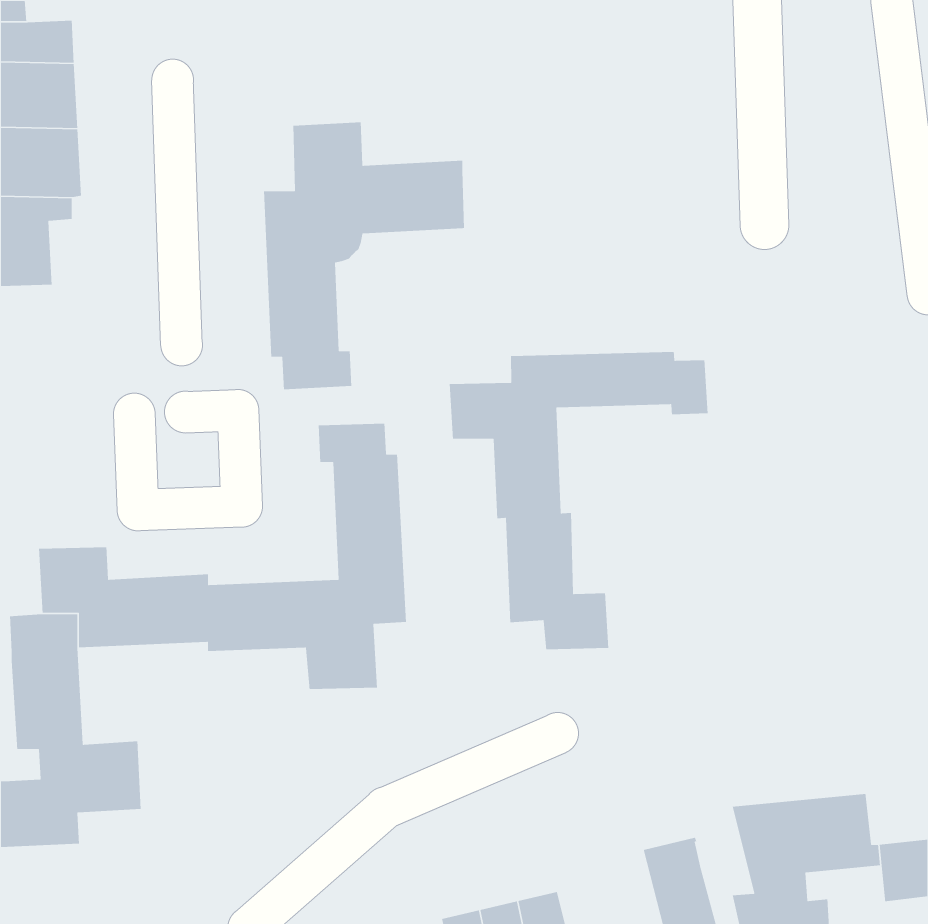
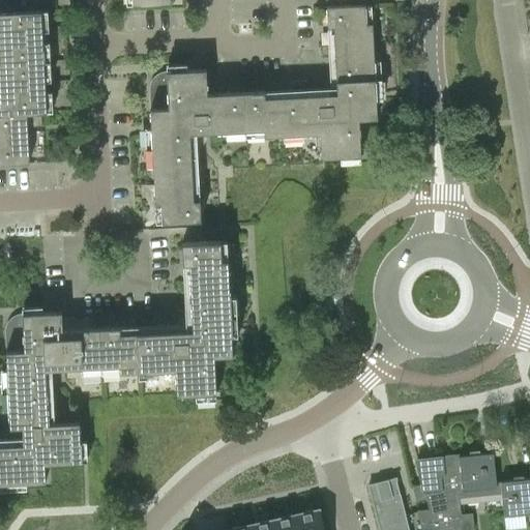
building: none -> [264,6,378,160]
building: [449,351,708,650] -> none

